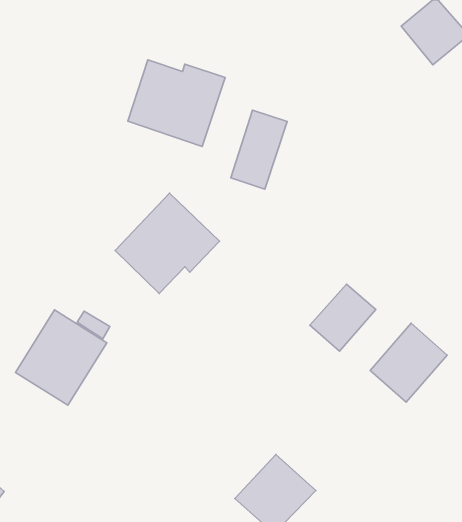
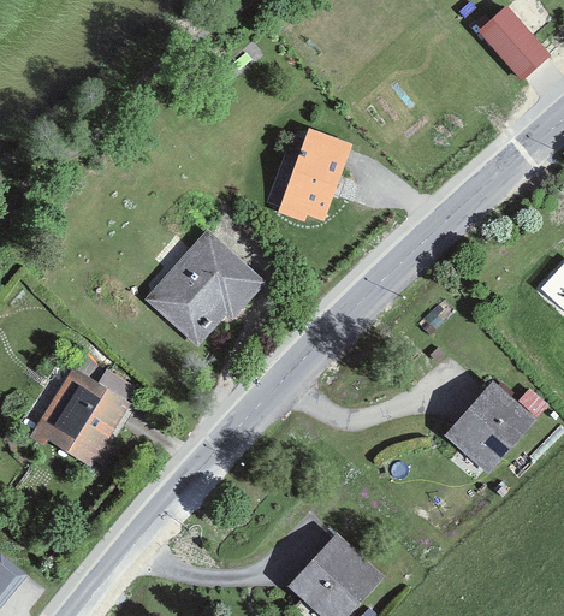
building: [128,60,225,146] -> none
building: [310,284,376,351] -> none

